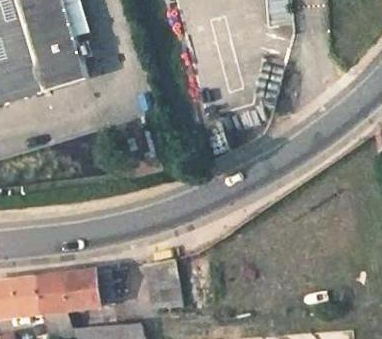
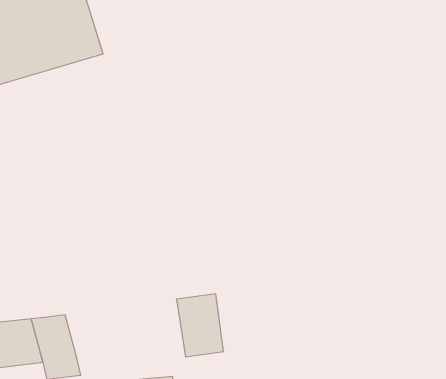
building: [58,268,110,308] -> none

